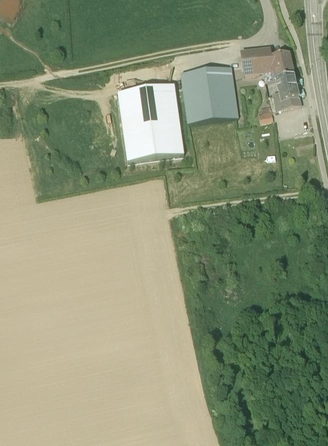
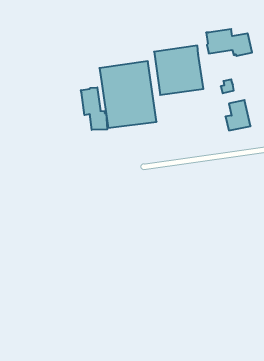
building: [271,73,300,108] -> [225,100,251,130]
building: none -> [81,87,107,130]

